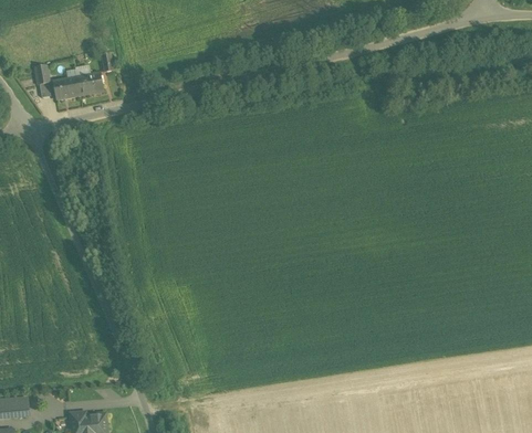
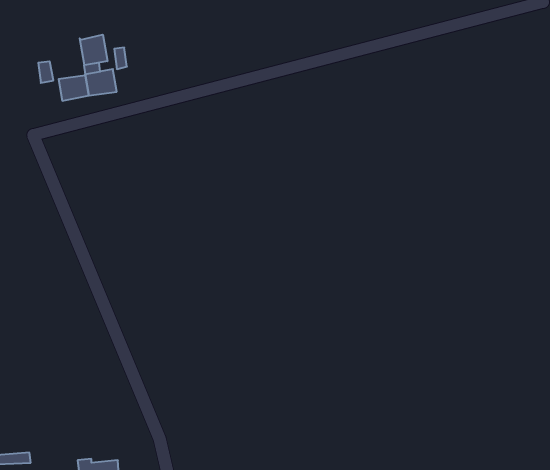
building: none -> [80,35,107,65]

